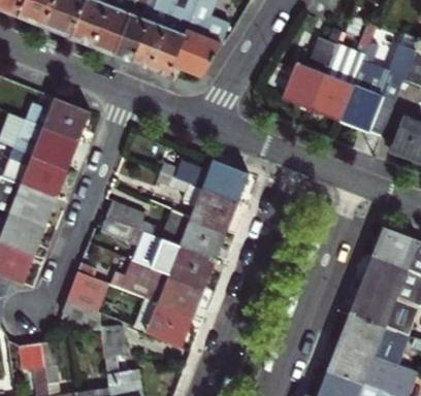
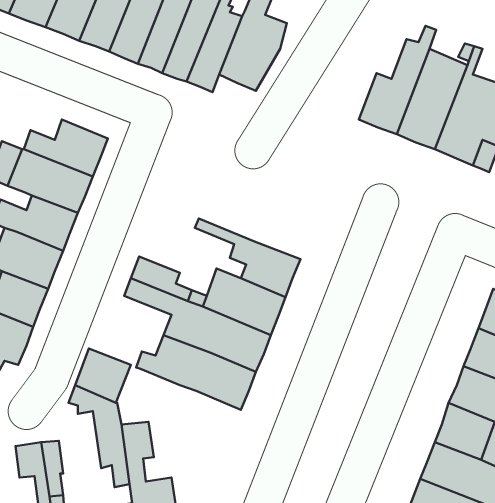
building: [160,161,249,204] -> none
building: [134,300,192,348] -> none

